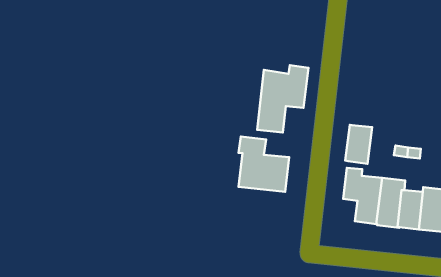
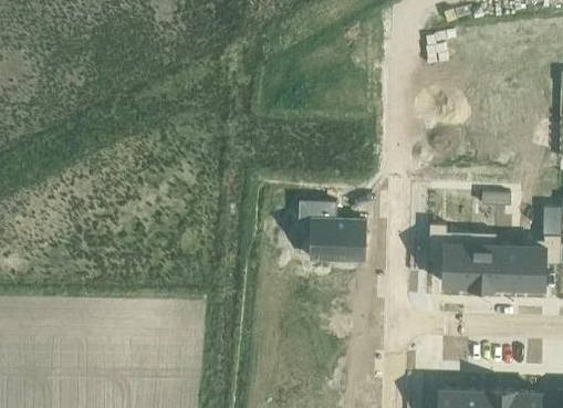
building: [257,65,308,132] -> none
building: [345,125,372,164] -> none

